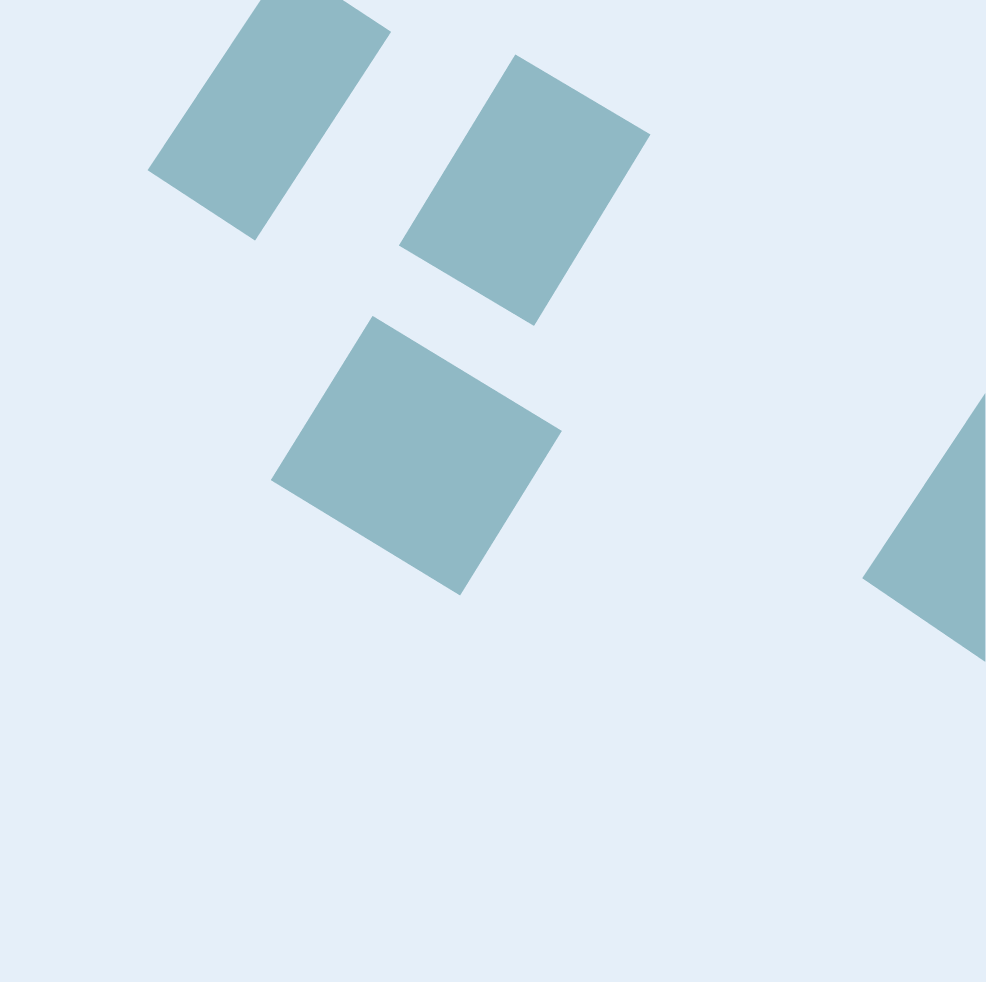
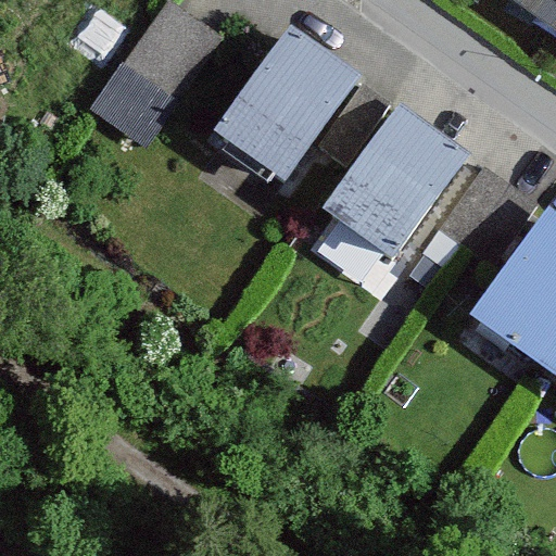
building: none -> [328,109,465,253]
building: [270,315,563,596] -> none

